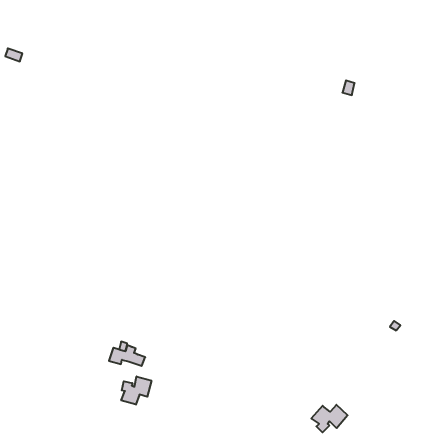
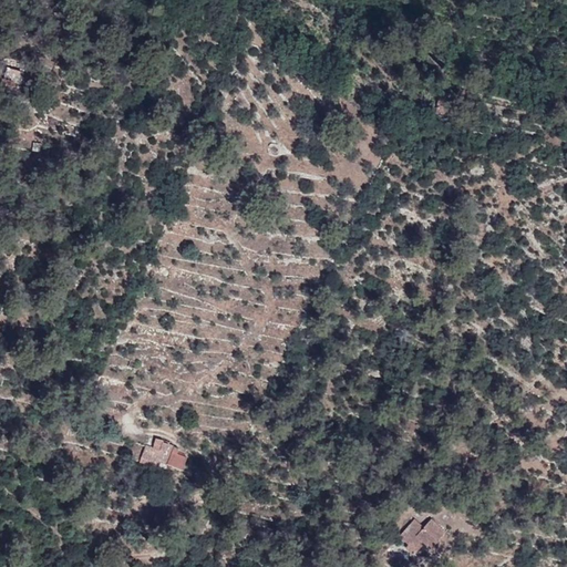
building: [121,376,151,405] -> none

